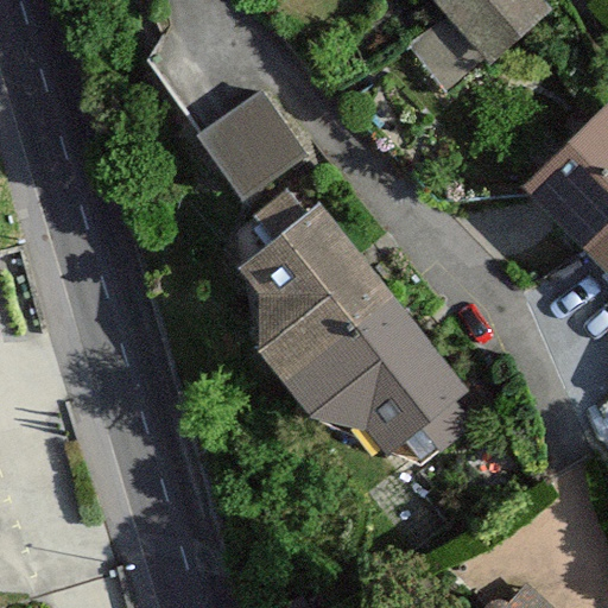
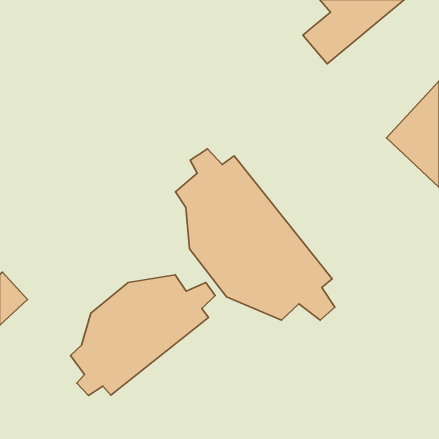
building: [205,97,299,191] -> none
building: none -> [71,275,215,395]

